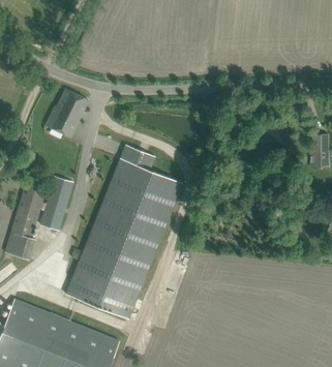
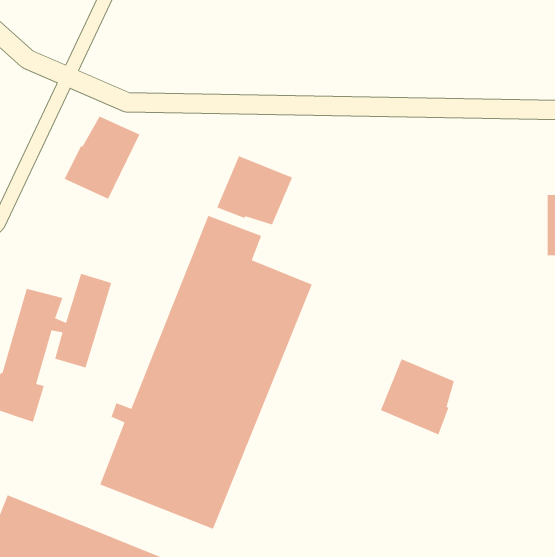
building: none -> [216,155,293,225]
building: none -> [380,358,455,435]

